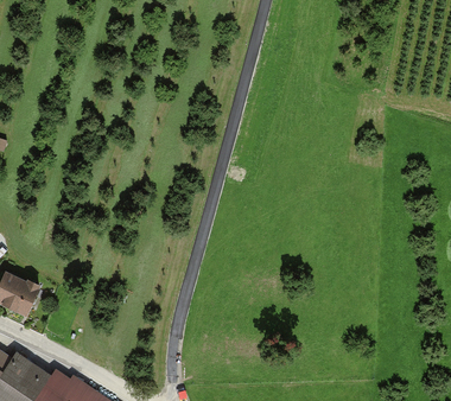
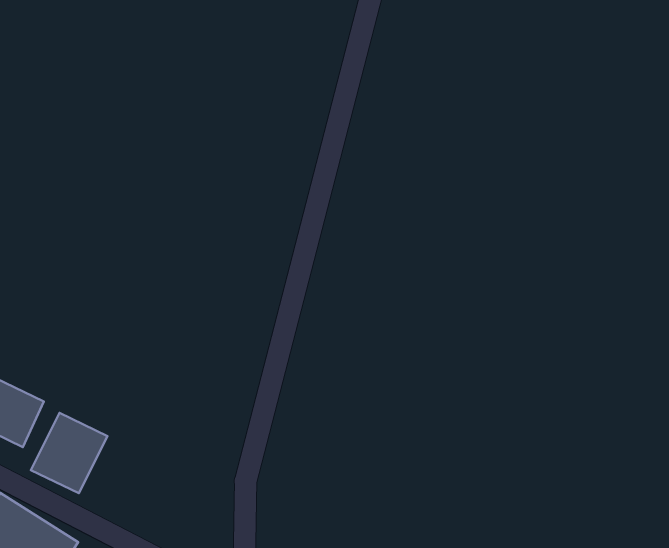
building: none -> [31,413,108,493]

